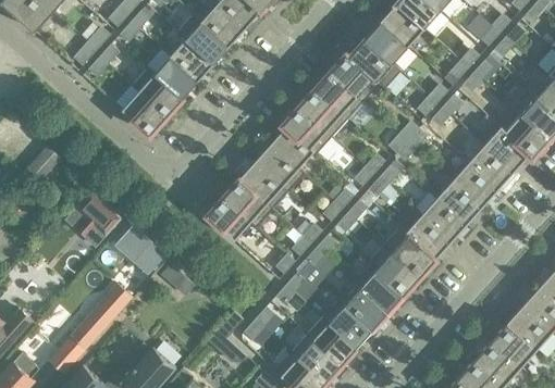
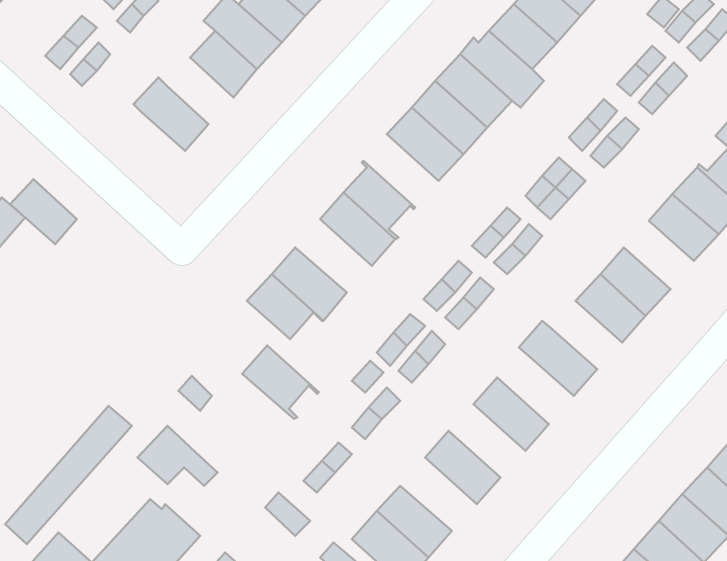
building: [153,57,197,100] -> none
building: [121,92,165,136] -> none
building: [282,107,331,154] -> none
building: [237,162,287,210] -> [242,345,319,419]
building: [452,163,497,208] -> none
building: [75,193,119,236] -> [10,179,77,244]
building: [405,215,451,260] -> none
building: [113,225,165,264] -> [138,426,218,486]
building: [368,246,419,296] -> none
building: [337,283,387,330] -> none
building: [306,317,356,365] -> none

